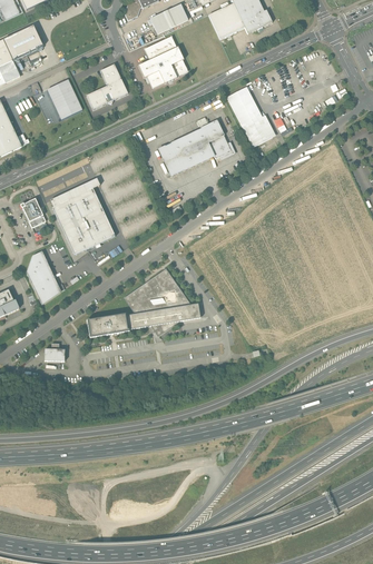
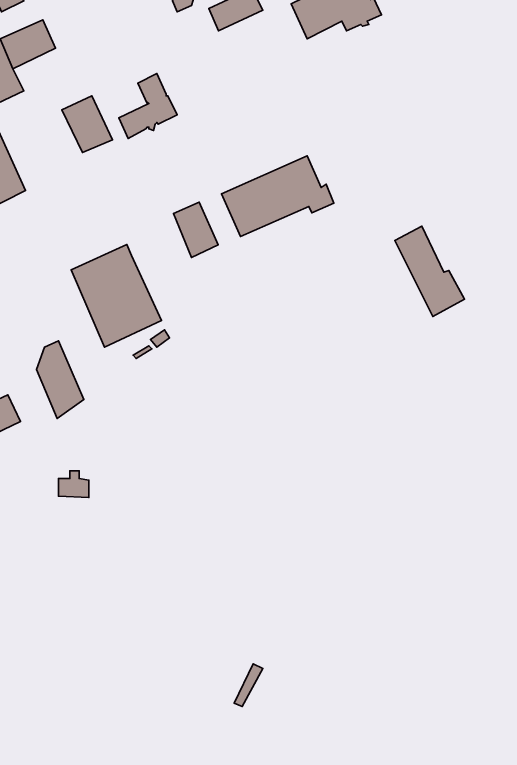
building: [137,34,187,87] -> none
building: [227,85,276,148] -> [395,226,465,317]
building: none -> [174,202,218,257]
building: [19,196,45,228] -> none
building: [86,267,199,336] -> none

